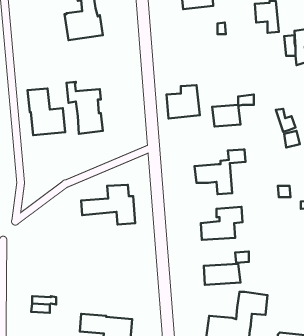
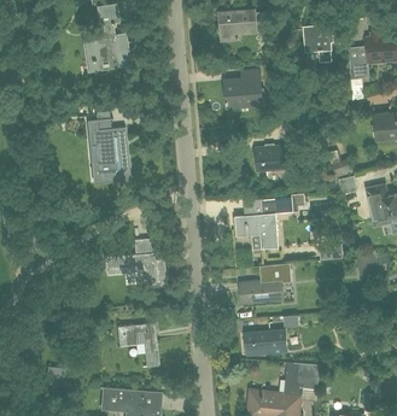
building: [166,85,200,118] -> [224,70,263,109]
building: [27,88,65,135] -> none
building: none -> [117,323,158,367]

